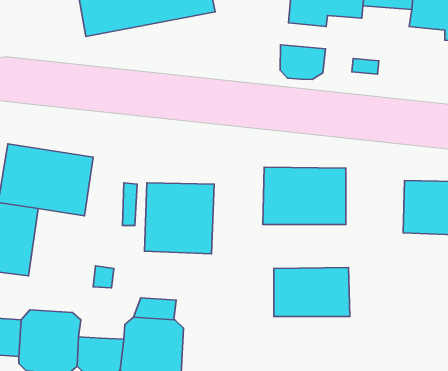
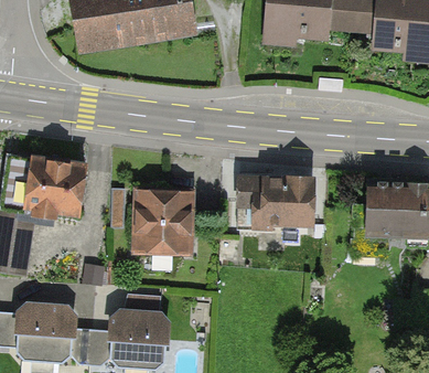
building: [280,45,325,80] -> none
building: [274,267,350,317] -> none

